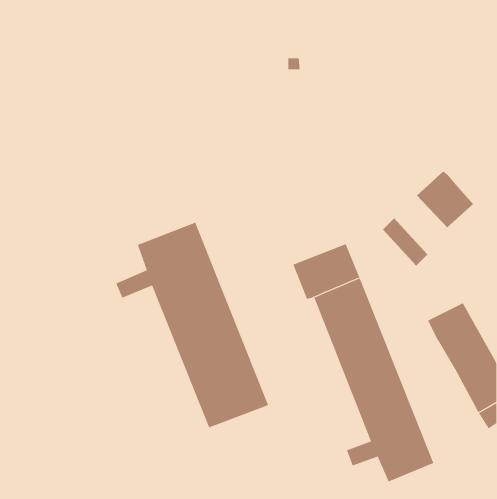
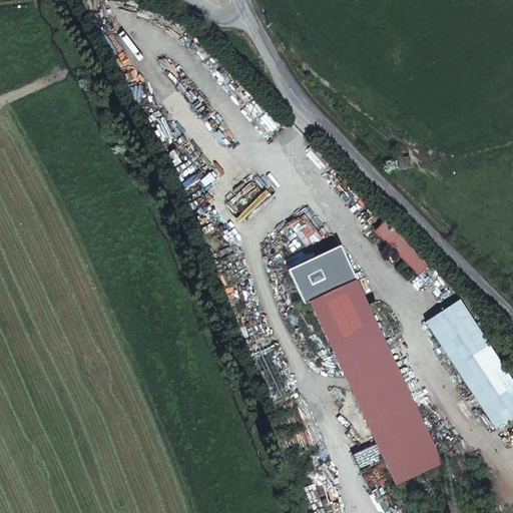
building: [416,170,474,228] -> none
building: [115,222,269,428] -> none

